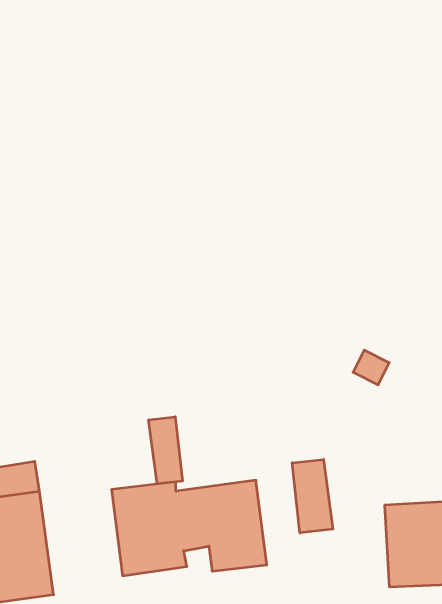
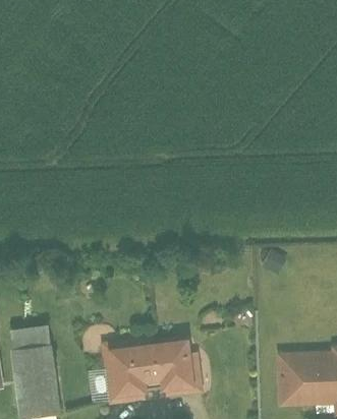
building: [149,417,182,484] -> none
building: [292,459,333,533] -> none

